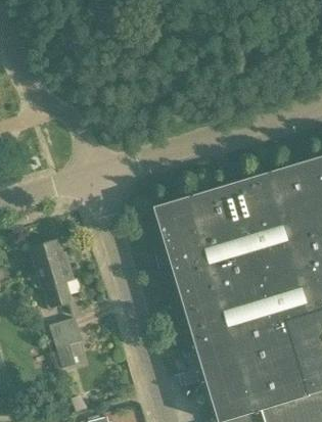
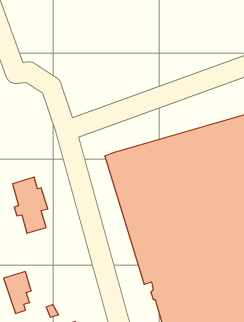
building: [50,315,84,366] -> [4,272,31,313]

